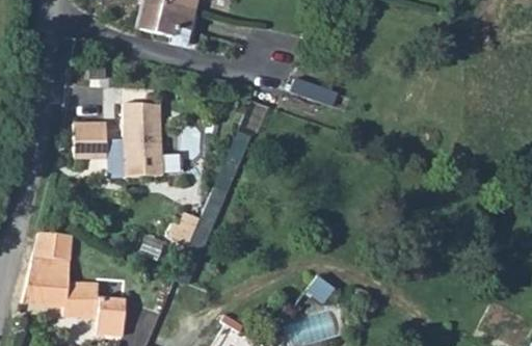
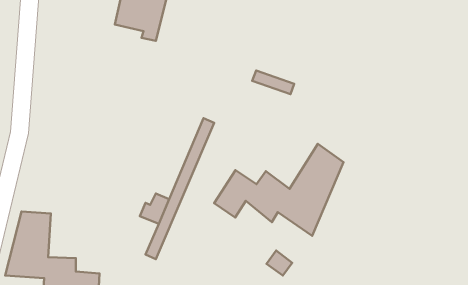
building: [74,102,163,177] -> none
building: none -> [214,144,344,236]

